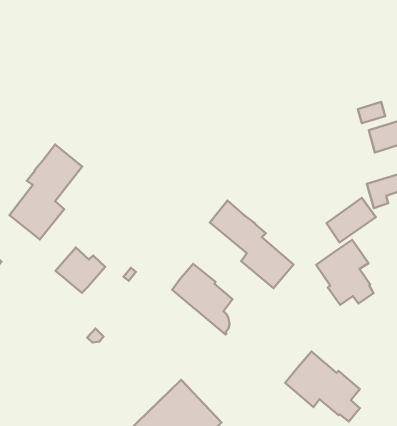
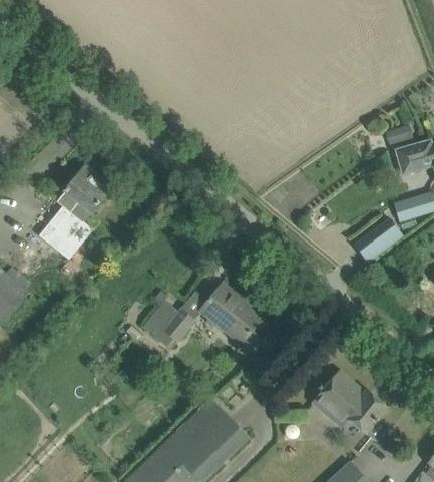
building: [210,201,293,288] -> none
building: [316,240,374,305] -> none
building: [56,247,105,293] -> [145,300,194,345]

